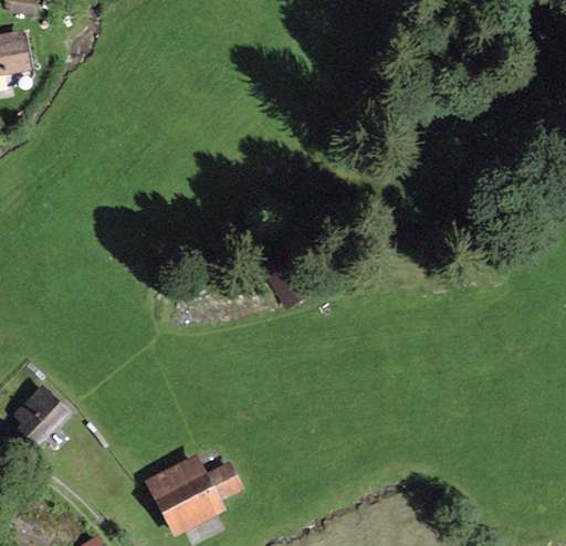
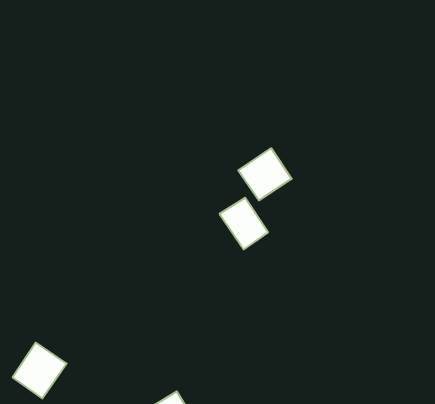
building: none -> [238,148,292,200]

